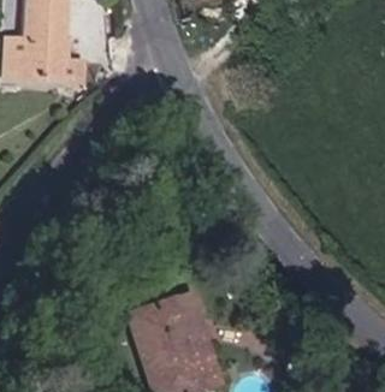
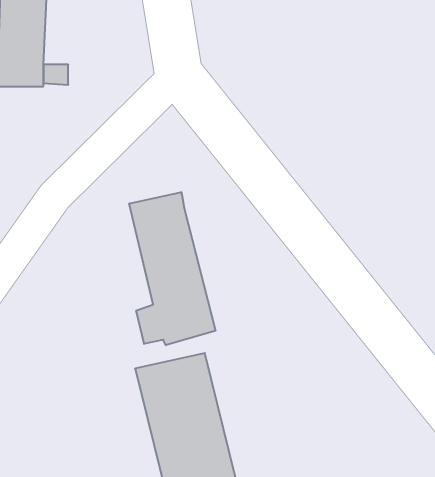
building: none -> [129,192,216,345]

